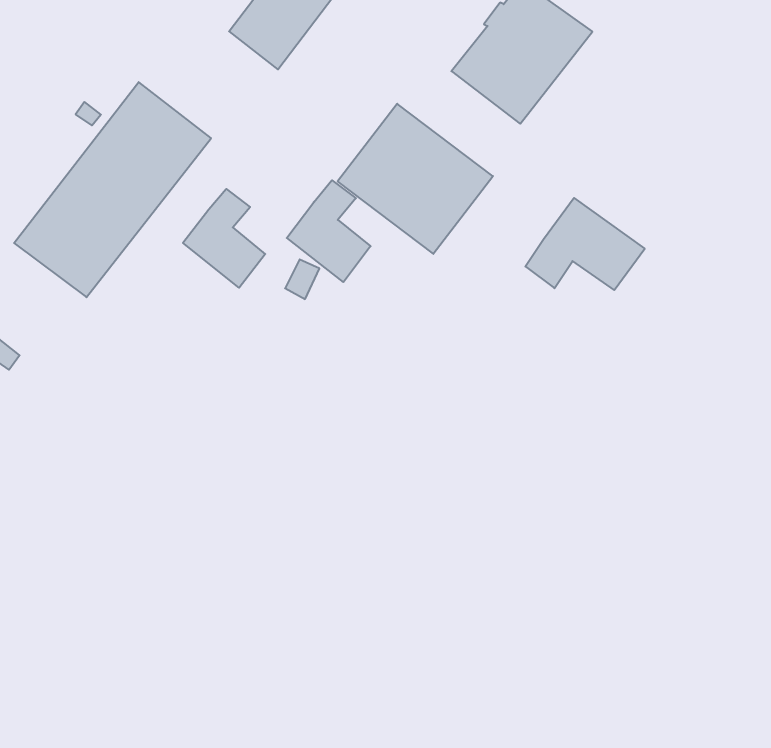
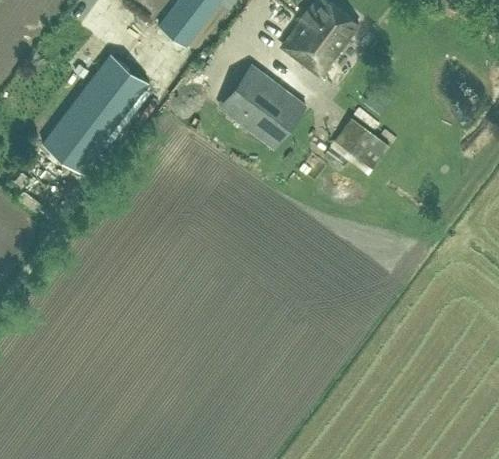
building: [287,180,371,282] -> none
building: [183,189,265,288] -> none

